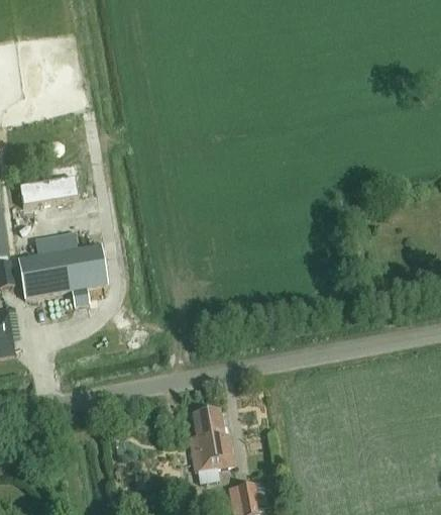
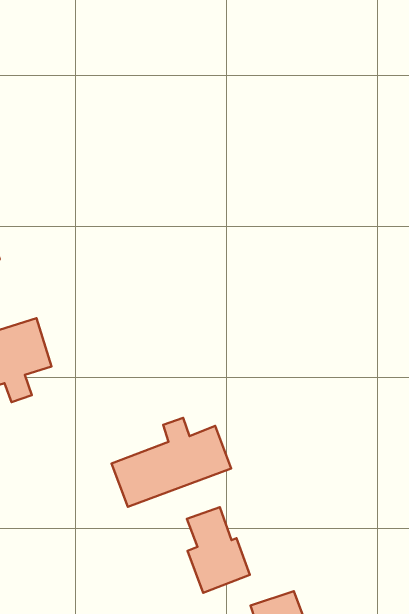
building: none -> [111,418,231,507]

